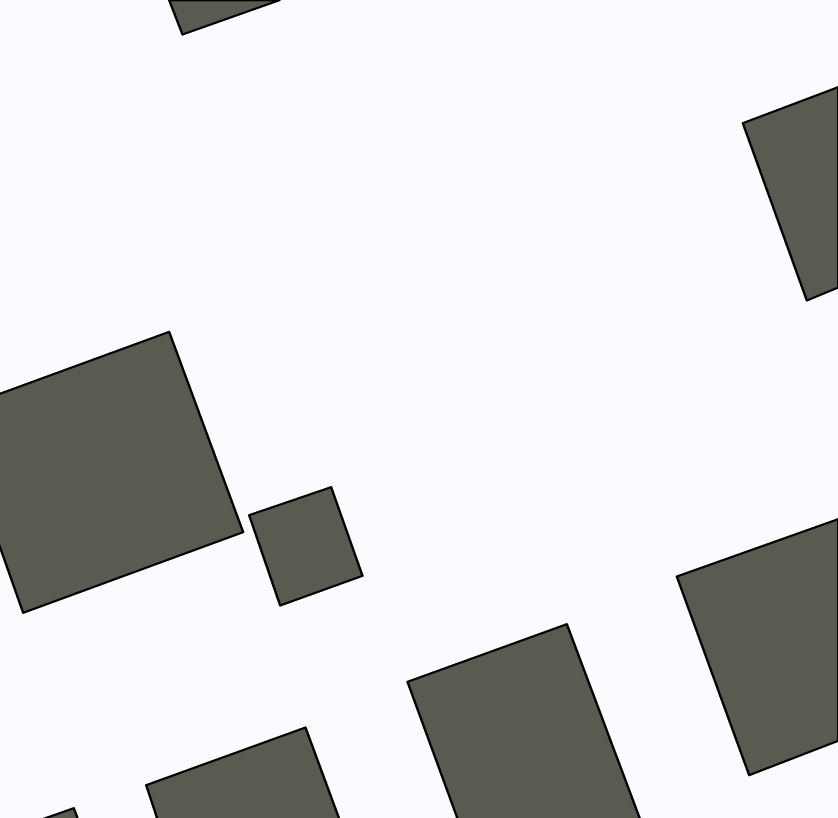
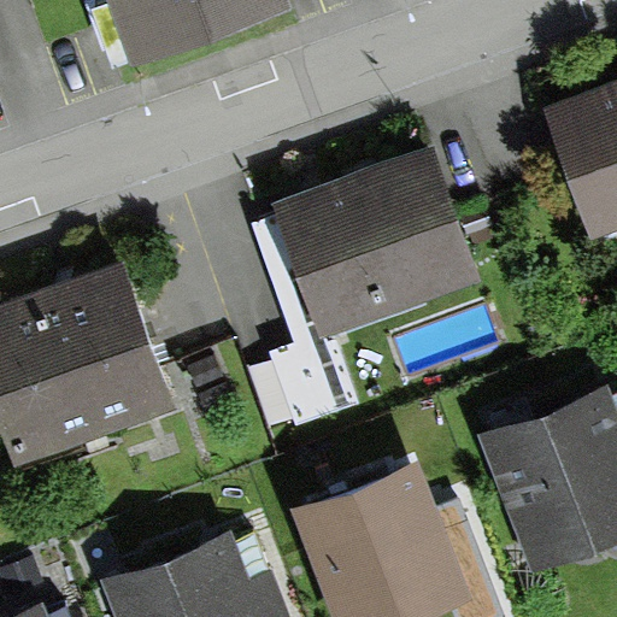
building: none -> [252,143,482,346]
building: [249,487,362,605] -> [271,343,354,430]

